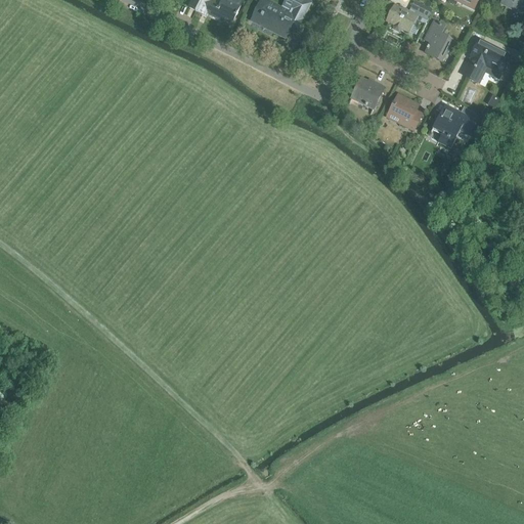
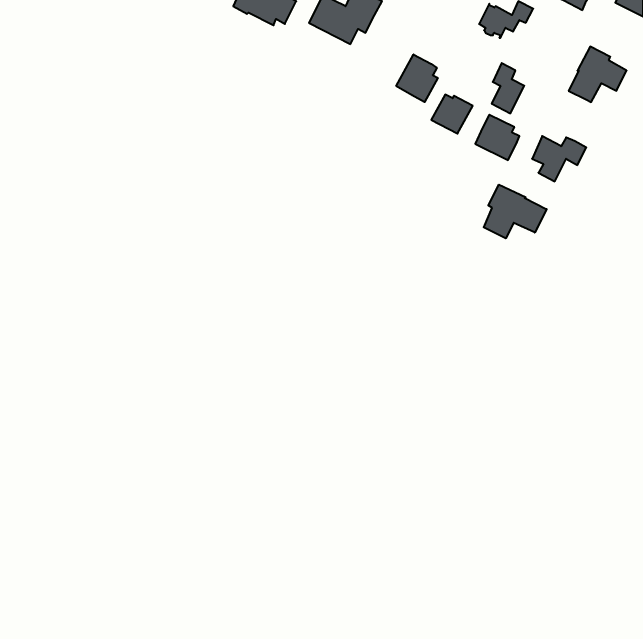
building: [425,19,451,60] -> [492,63,524,113]
building: none -> [396,54,438,102]
building: none -> [484,185,547,238]

